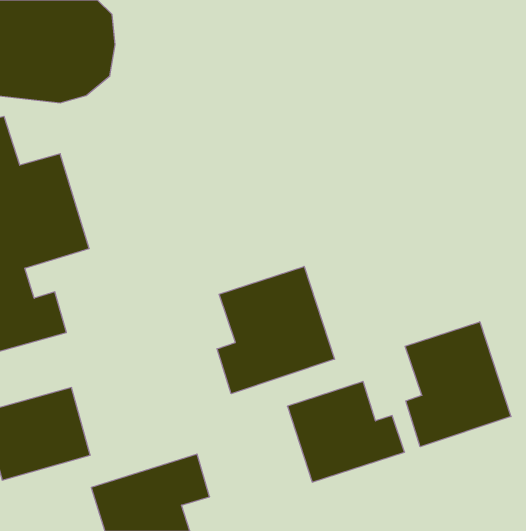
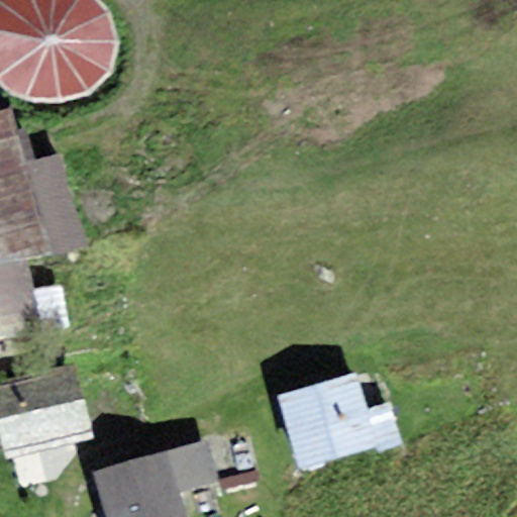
building: [217,266,335,394] -> none
building: [405,322,511,447] -> none

